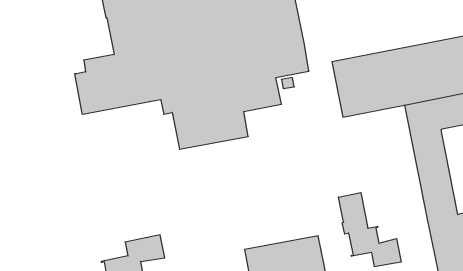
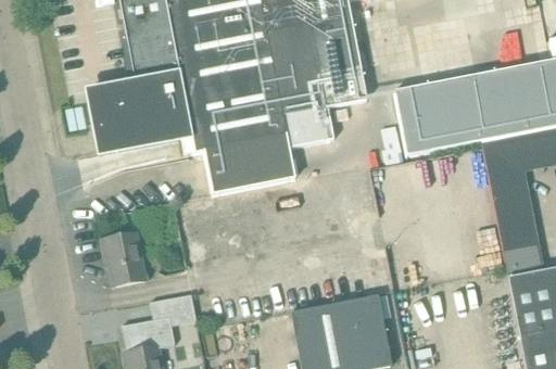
building: none -> [101,232,147,285]
building: [339,193,401,267] -> none

